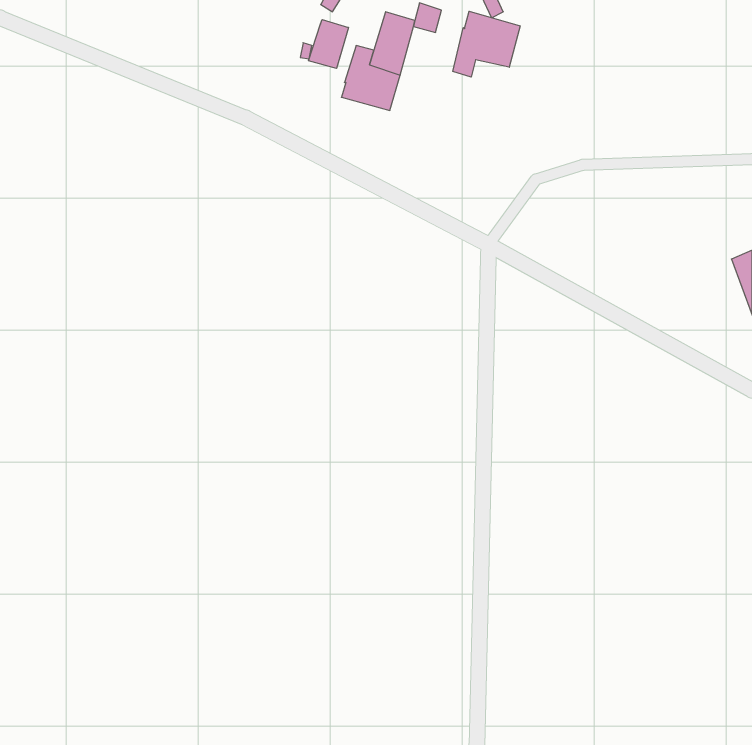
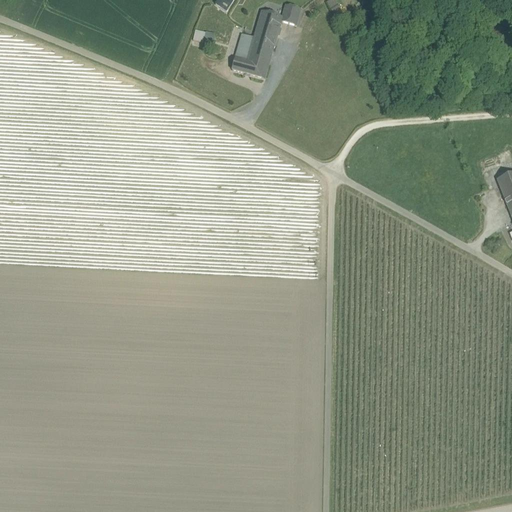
building: [453,11,520,77] -> none
building: [308,20,348,68] -> none

